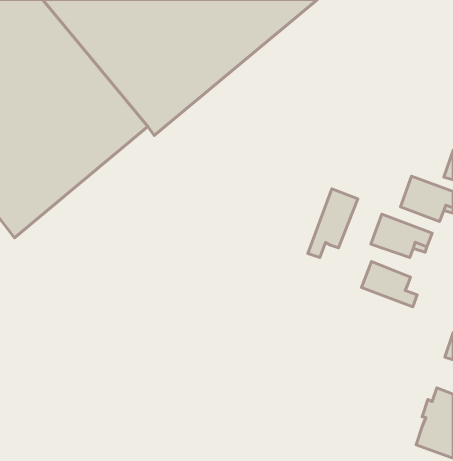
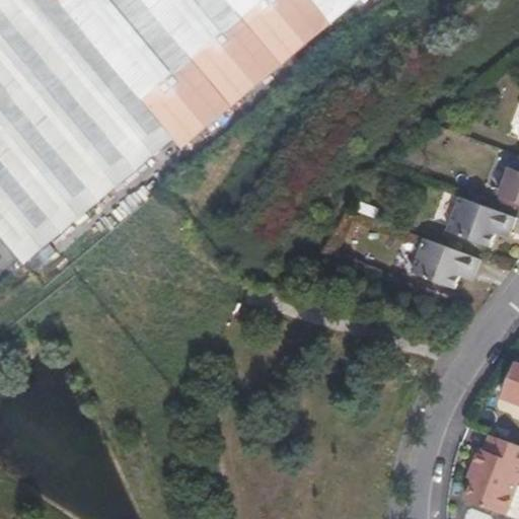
building: [308,189,358,258] -> none
building: [362,262,417,307] -> none

